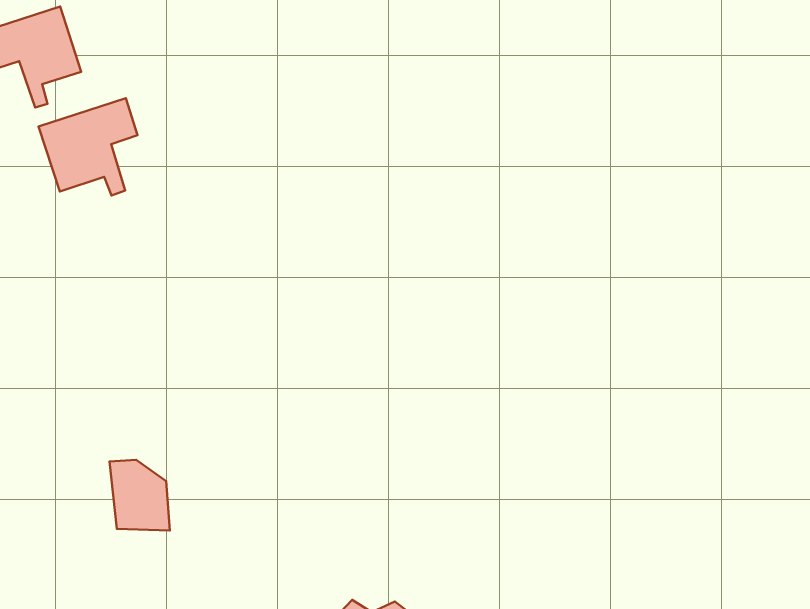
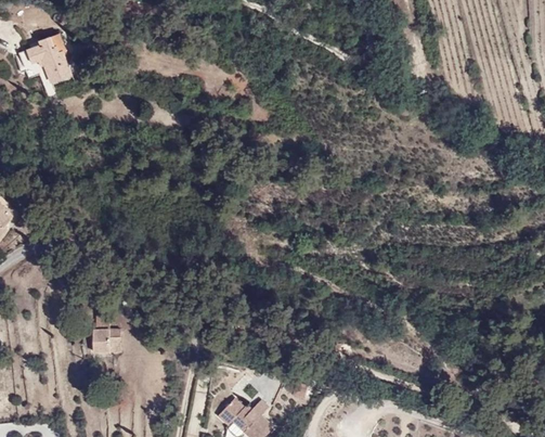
building: [38,98,137,195] -> none

